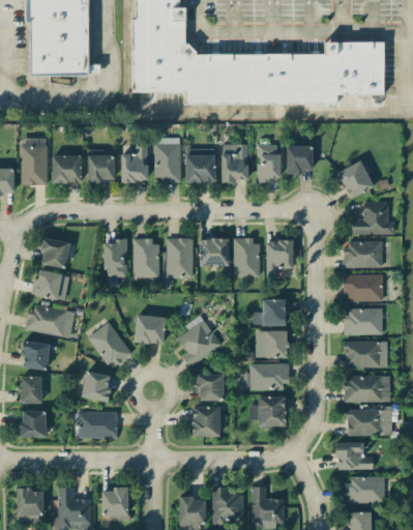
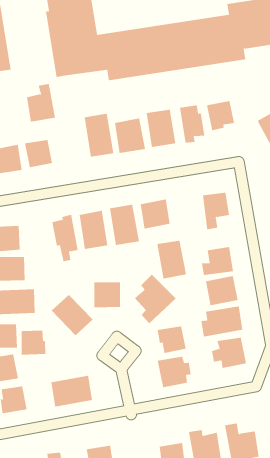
building: [121,144,149,181] -> [26,84,56,122]
building: [233,239,260,277] -> [156,240,187,279]
building: [82,372,111,401] -> [21,330,46,355]

